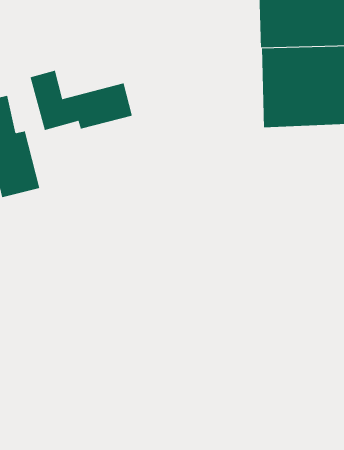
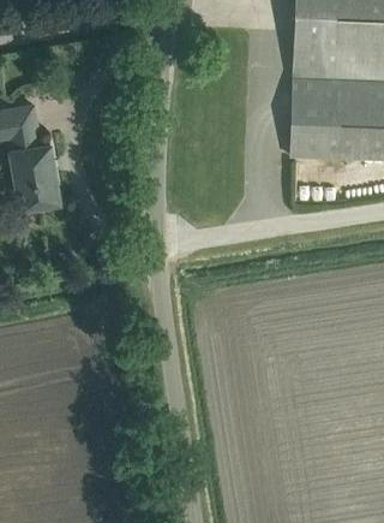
building: [30,70,132,131] -> none

